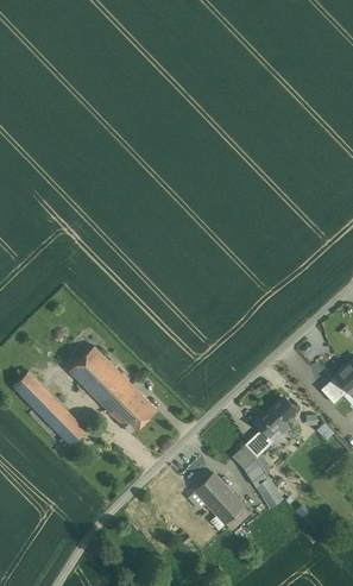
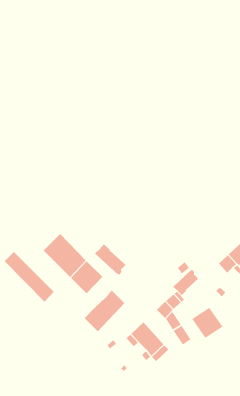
building: none -> [94,244,127,275]
building: none -> [84,289,125,332]
building: none -> [191,307,223,339]

